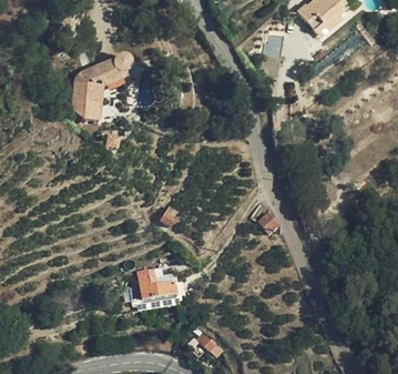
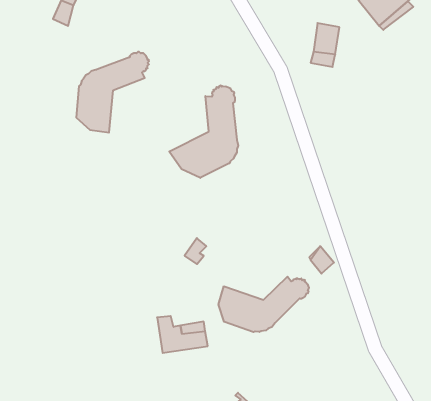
building: none -> [169,85,238,178]
building: none -> [219,277,309,332]

